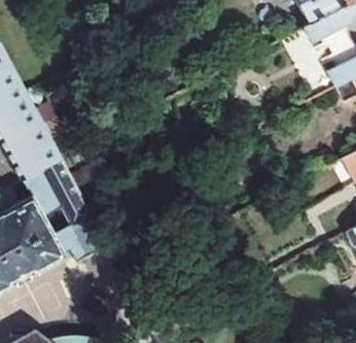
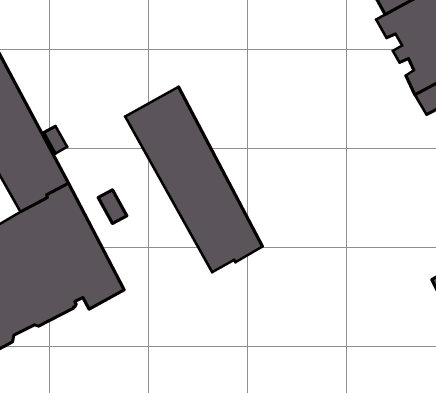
building: none -> [125,87,262,272]

